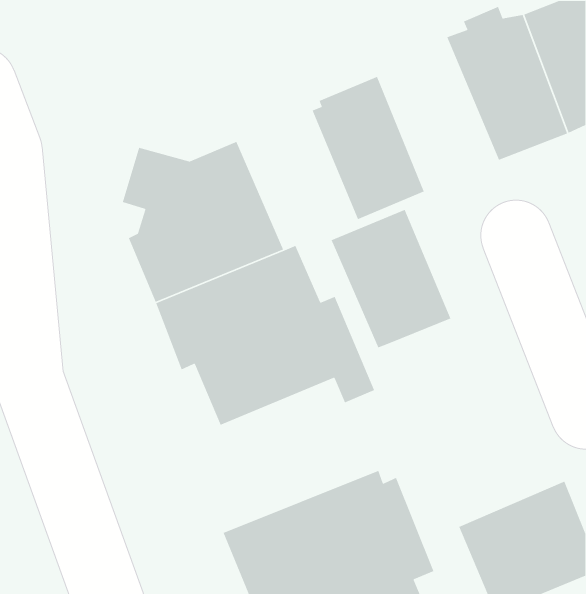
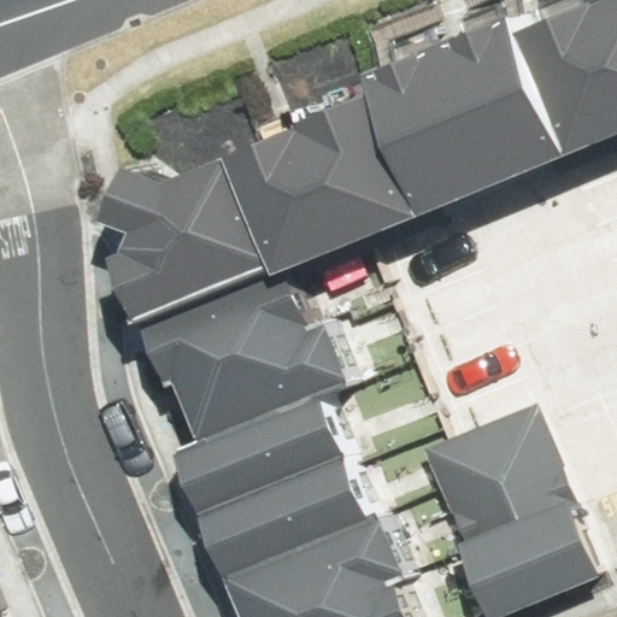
building: none -> [381,48,507,206]
building: [331,209,451,349] -> [241,123,364,265]
building: none -> [194,396,386,553]
building: none -> [423,402,575,547]

